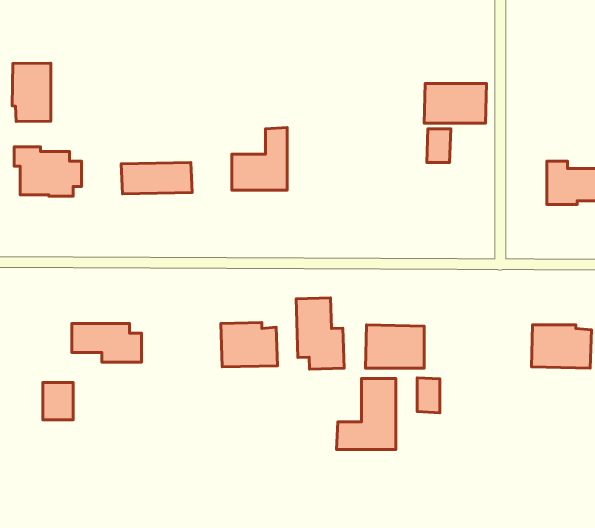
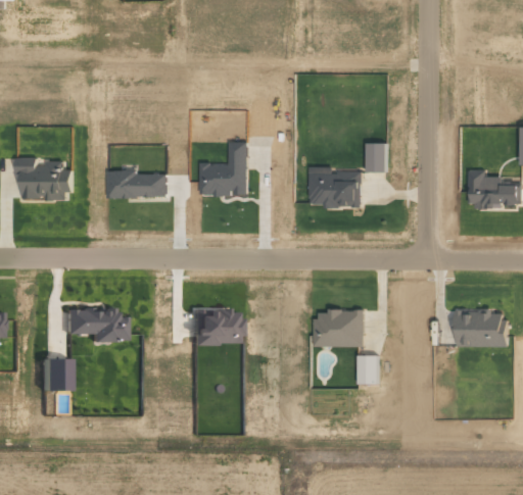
building: [12,63,51,121] -> none
building: [424,83,487,123] -> [308,172,362,206]
building: [296,298,344,369] -> none
building: [337,379,396,449] -> none

